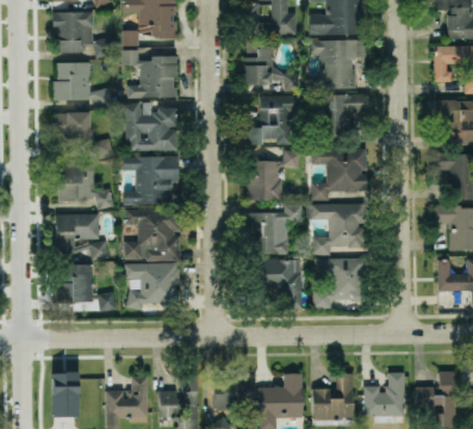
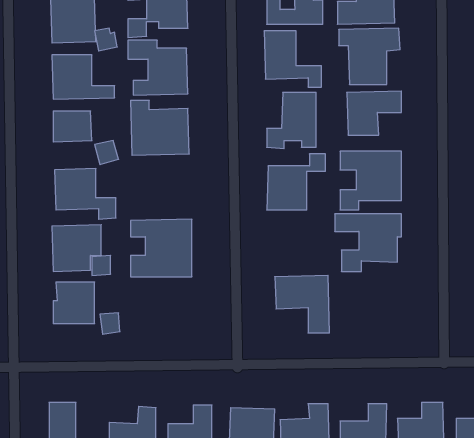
building: [124,155,179,204] -> none
building: [251,205,301,254] -> none
building: [313,257,363,309] -> none
building: [125,262,180,309] -> none

